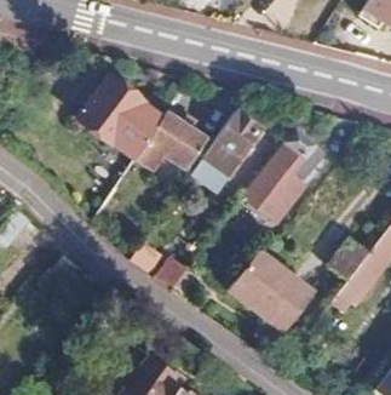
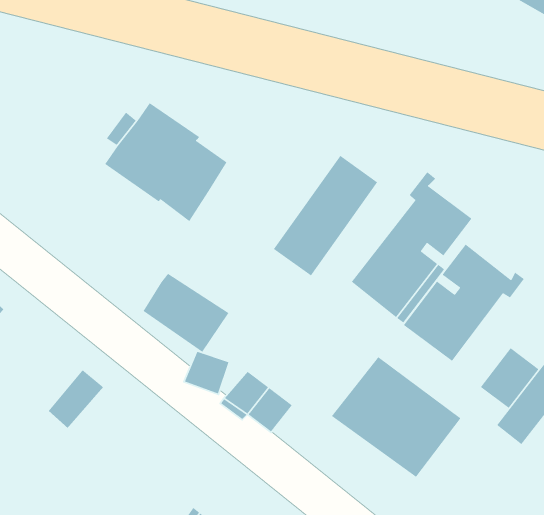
building: [148,111,206,165] -> [142,273,230,353]
building: none -> [403,244,525,362]

